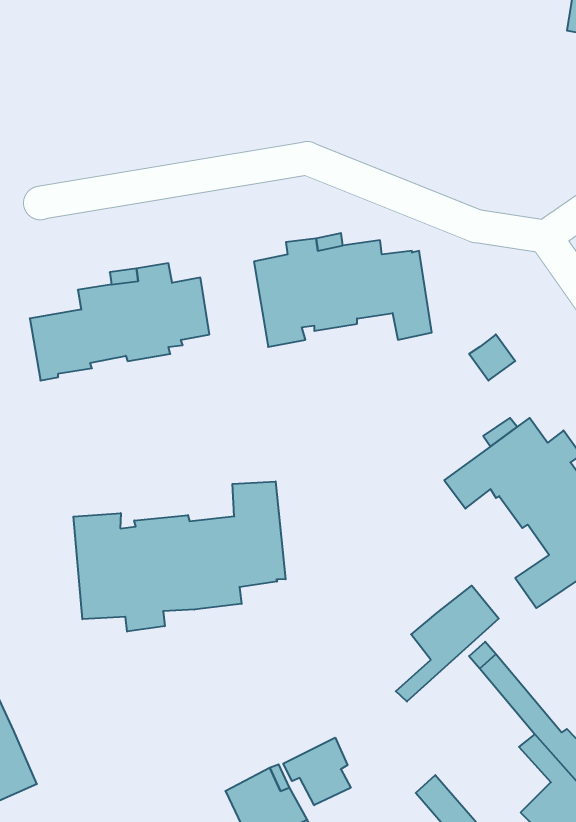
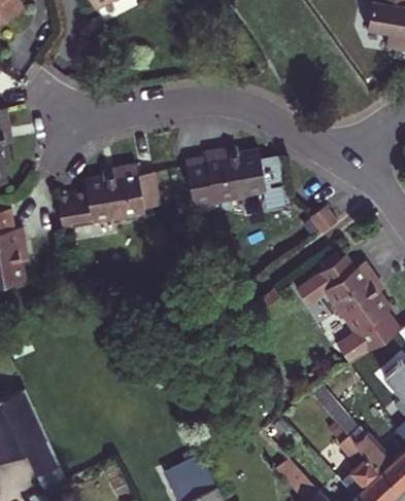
building: [73,481,286,632] -> none
building: [396,586,499,702] -> none
building: [283,738,351,805] -> none

